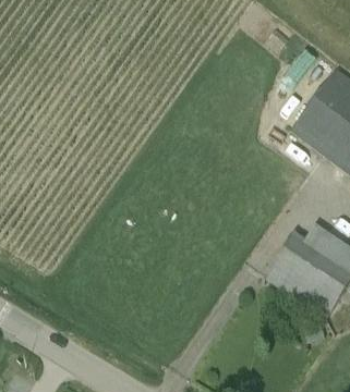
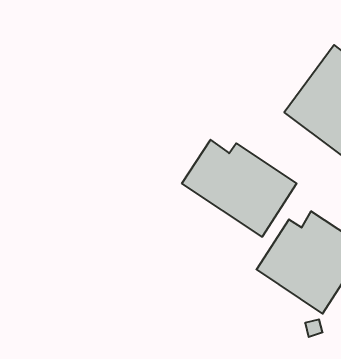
building: none -> [182,140,297,237]

